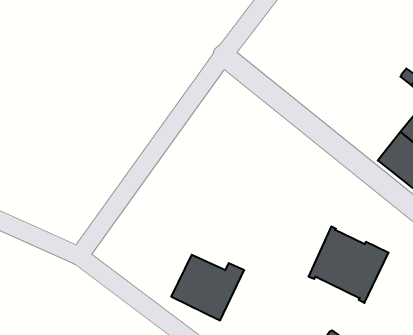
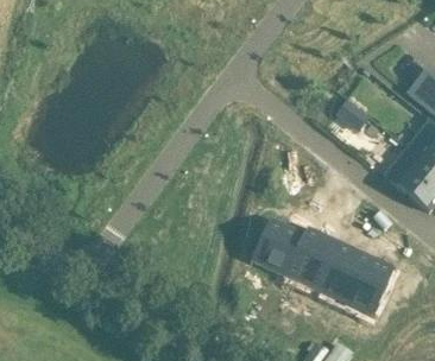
building: [171,255,244,320] -> [252,215,324,280]

